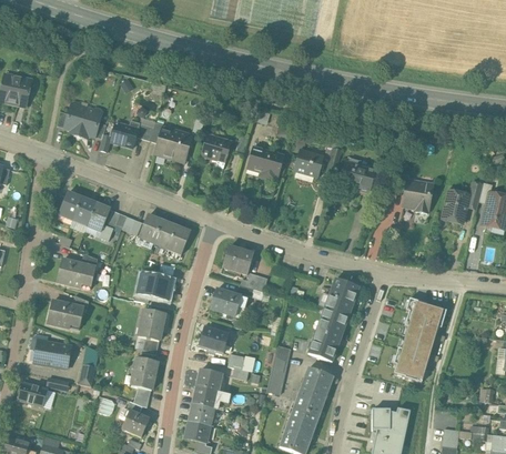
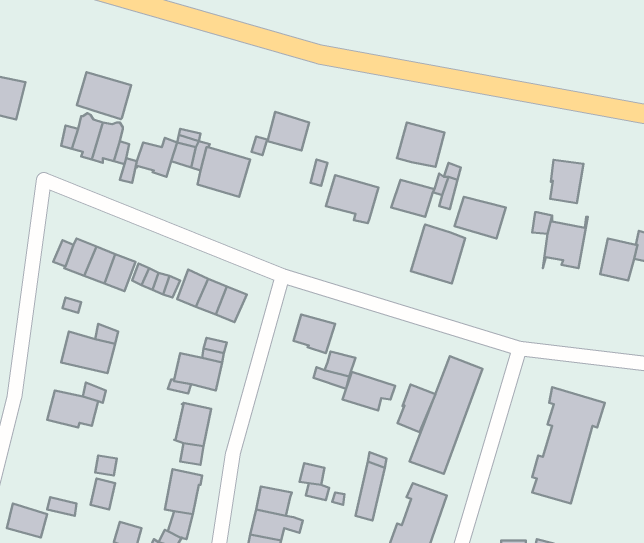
building: none -> [77,72,131,119]
building: none -> [397,122,445,167]
building: [201,134,231,162] -> [267,112,309,150]
building: none -> [550,160,583,203]
building: none -> [411,224,465,283]
building: [210,289,247,316] -> [342,372,395,410]
building: none -> [398,385,435,432]
building: [200,327,227,353] -> none
building: [31,335,71,369] -> none

